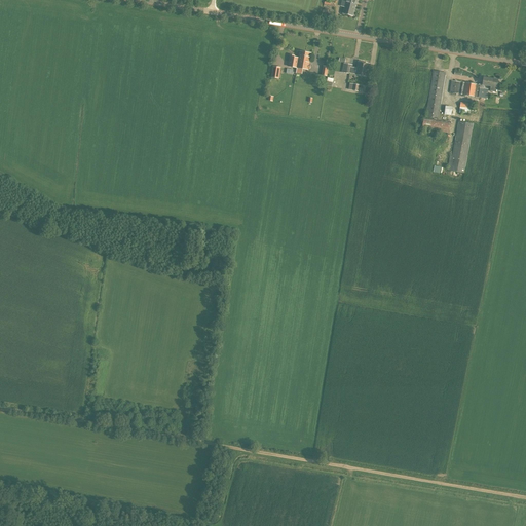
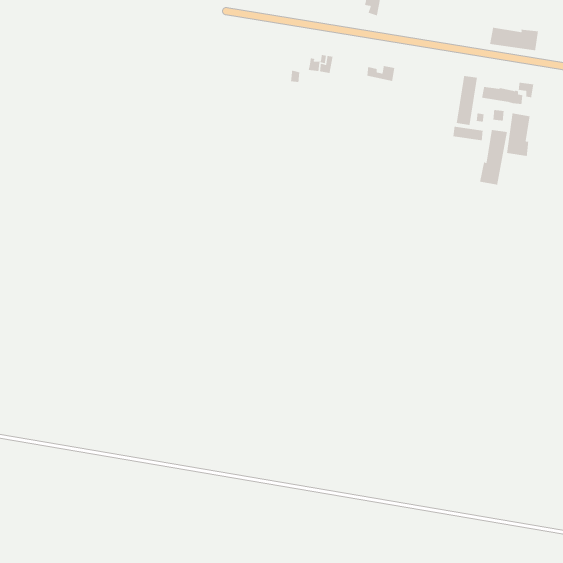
building: none -> [489,27,539,51]
building: none -> [506,113,531,157]

